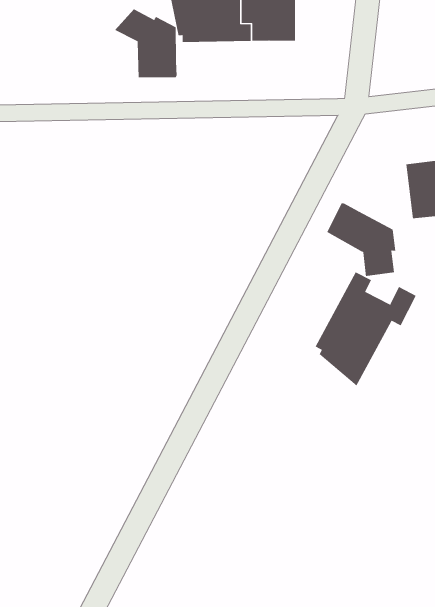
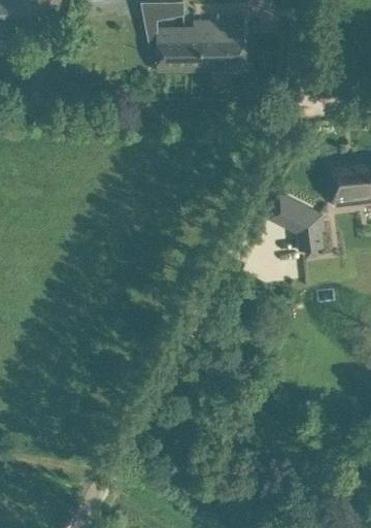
building: [114,9,177,78] -> none
building: [315,271,417,387] -> none

